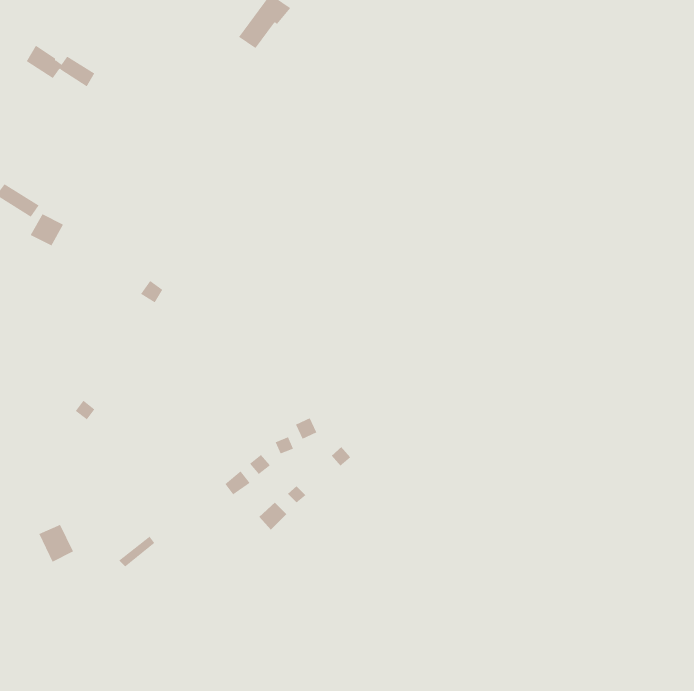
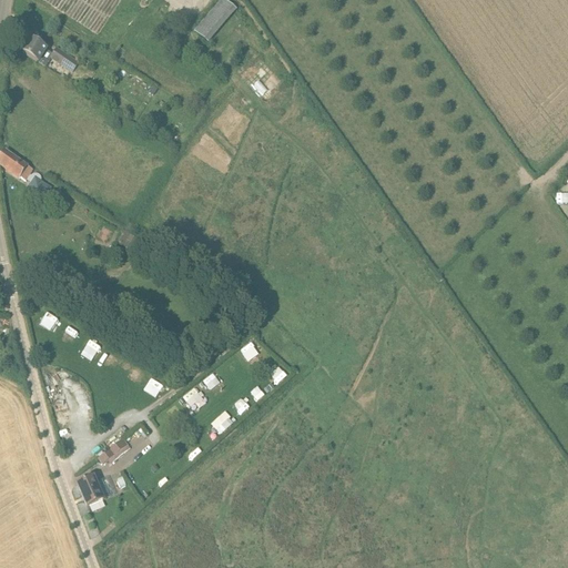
building: [39,524,74,562] -> [75,475,104,506]

